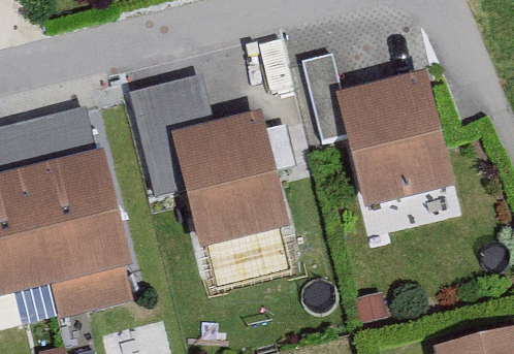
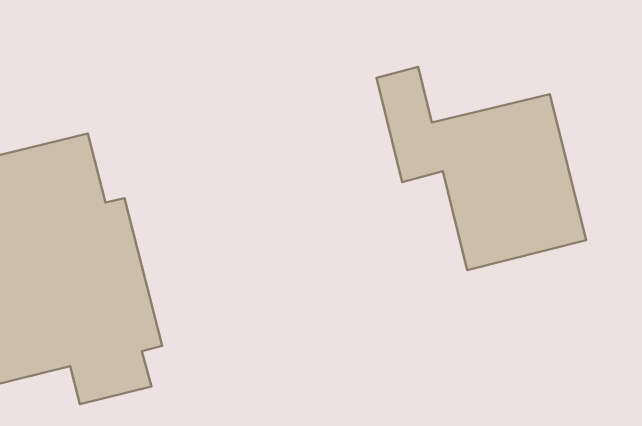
building: [165,77,289,247] -> none

